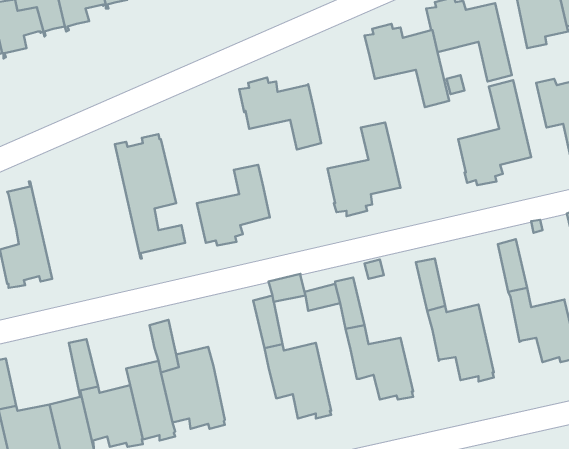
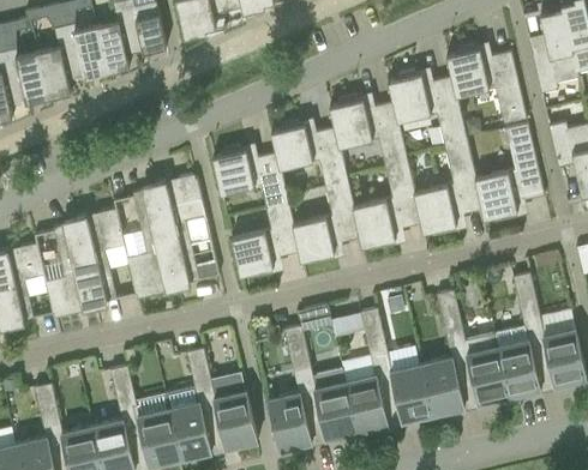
building: none -> [329,96,407,168]
building: none -> [414,143,482,236]
building: none -> [212,146,288,207]
building: none -> [293,182,360,264]
building: none -> [126,183,178,300]
building: none -> [74,209,124,309]
building: none -> [494,326,540,398]
building: none -> [421,357,464,415]
building: none -> [342,369,388,433]
building: none -> [268,392,312,451]

